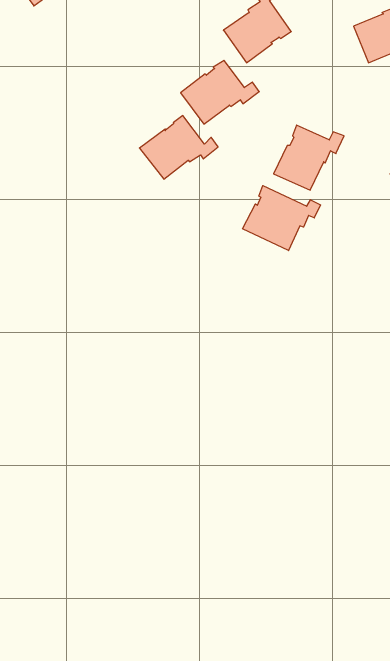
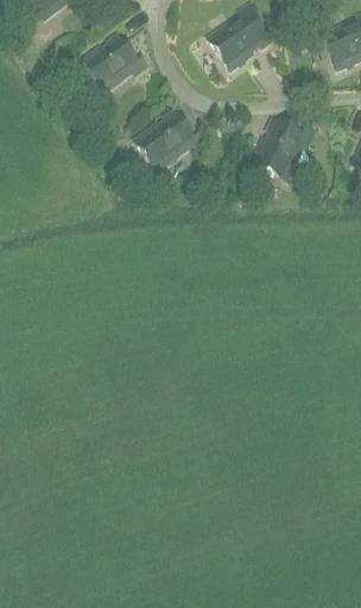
building: [181,60,259,124] -> [82,37,151,93]
building: [243,186,320,251] -> none

